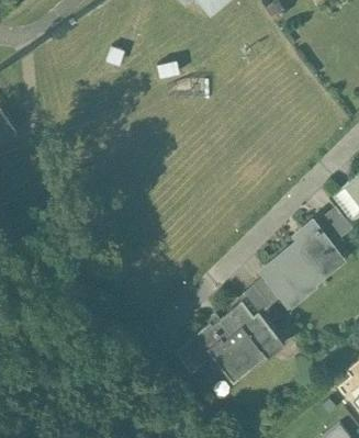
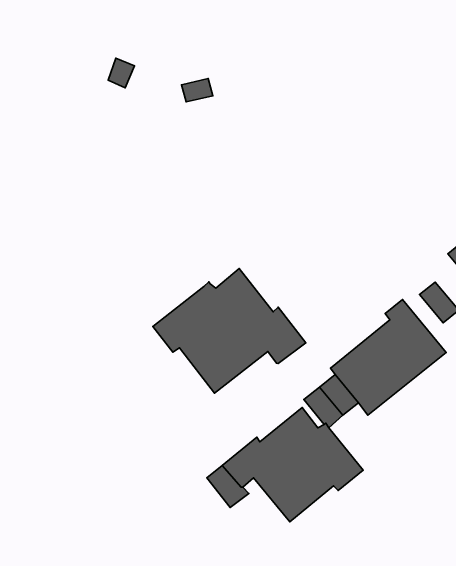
building: none -> [153,269,306,393]

